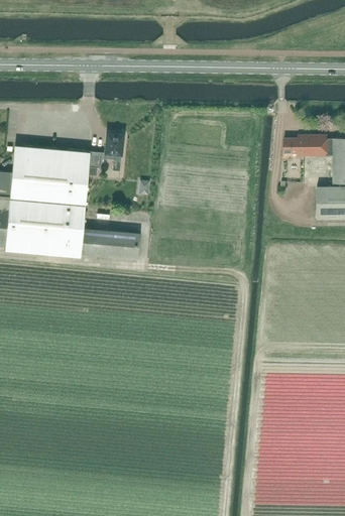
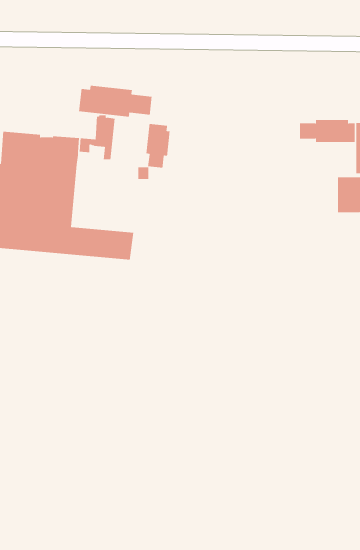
building: none -> [78,85,152,117]
building: none -> [146,123,170,168]

